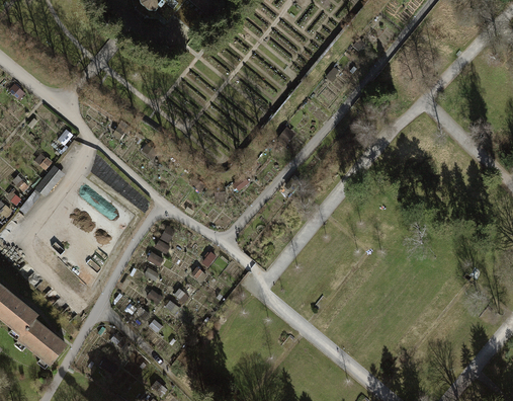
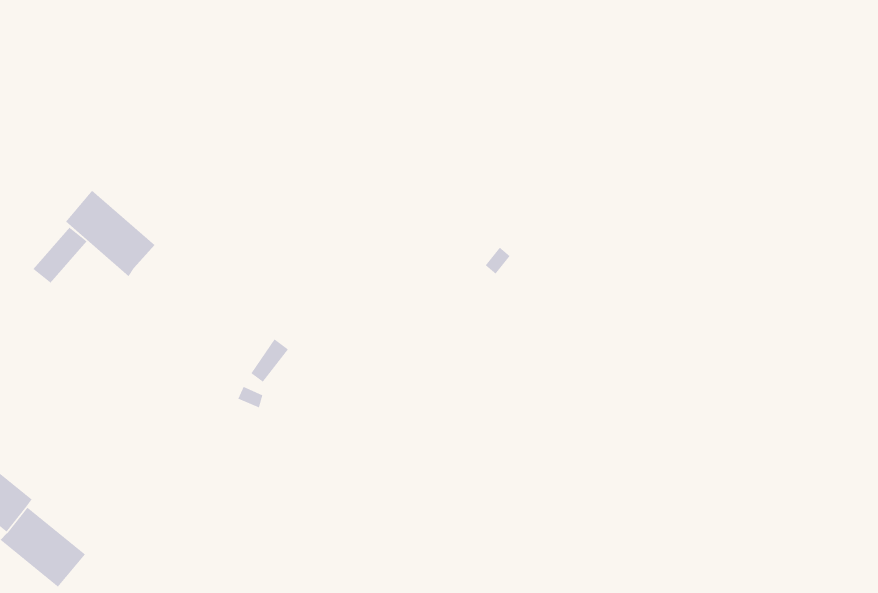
building: none -> [65,190,156,277]

